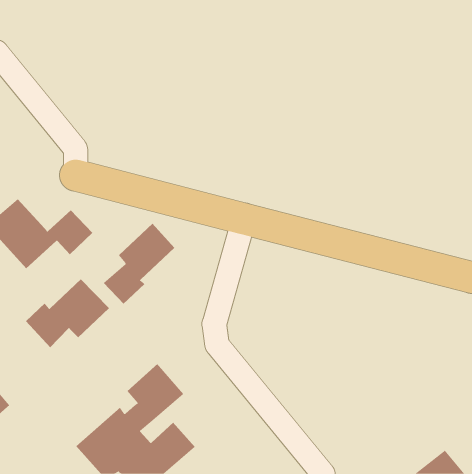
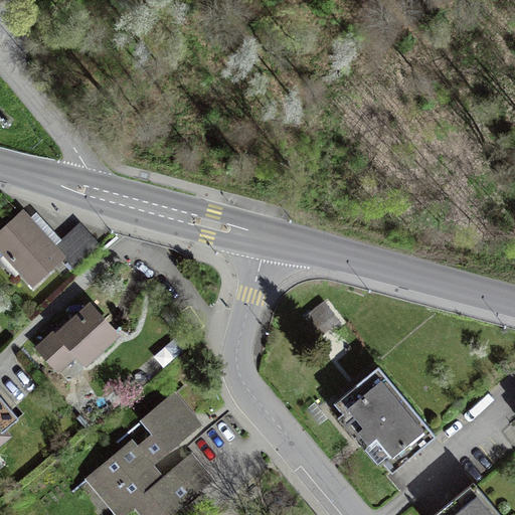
building: [103,223,175,304] -> none
building: none -> [339,371,437,472]

